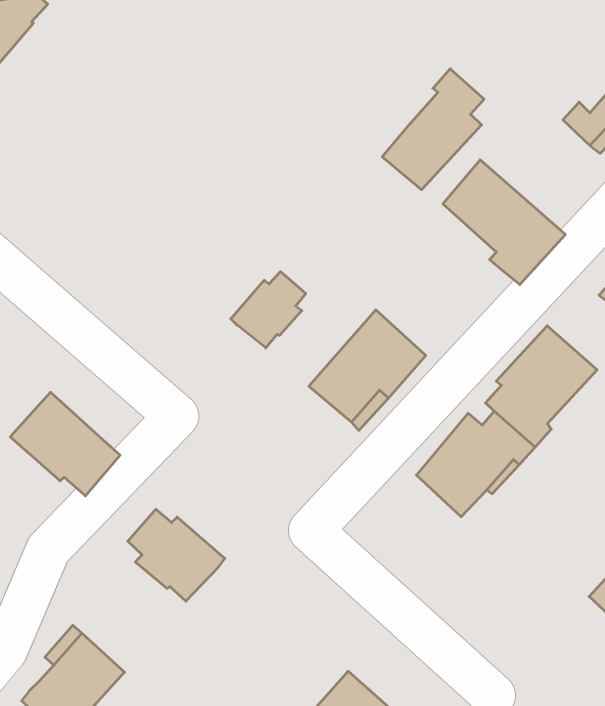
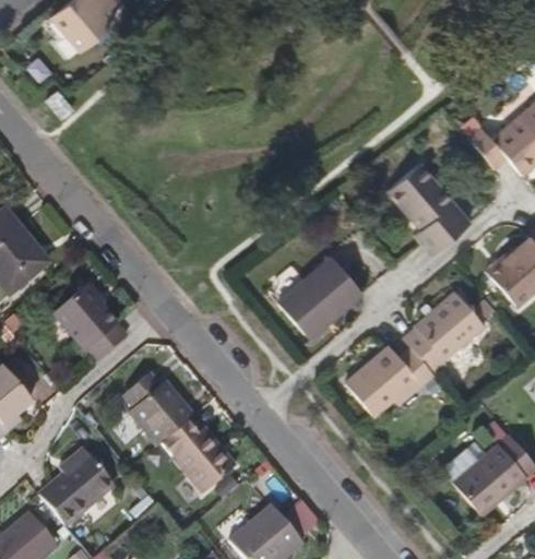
building: [382,69,484,190] -> none
building: [231,272,306,348] -> none
building: none -> [165,421,240,493]

